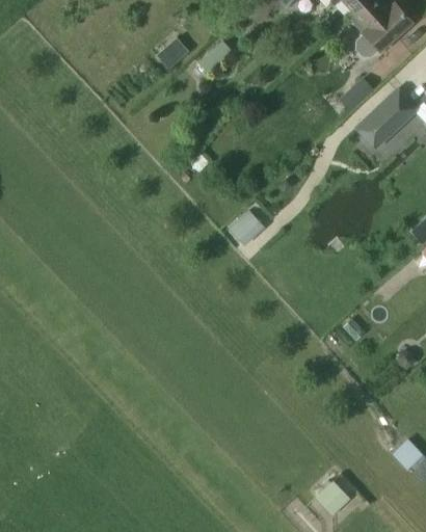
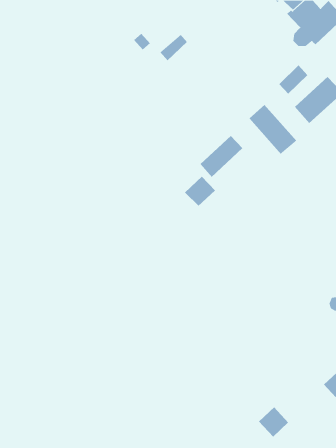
building: none -> [249,104,297,155]
building: none -> [199,135,243,178]

